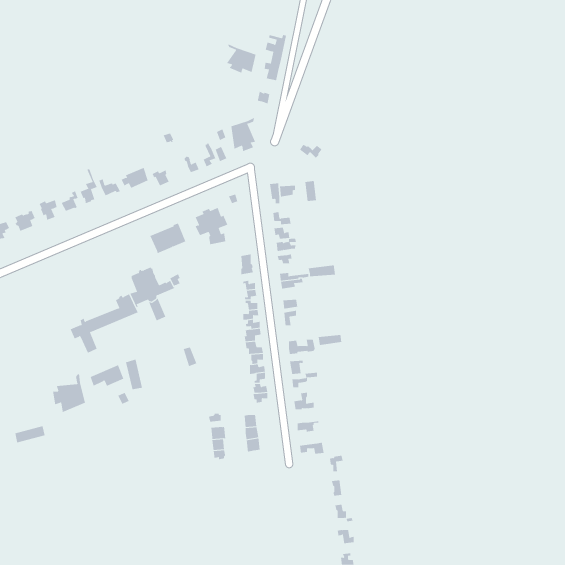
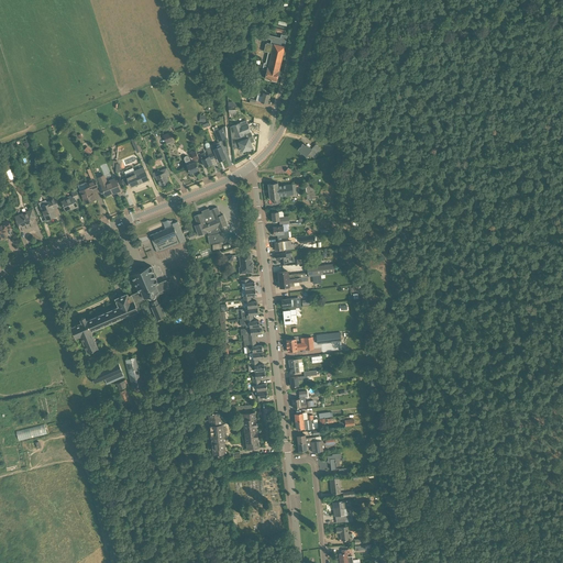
building: [226,44,256,73] -> none
building: [52,373,86,413] -> none

